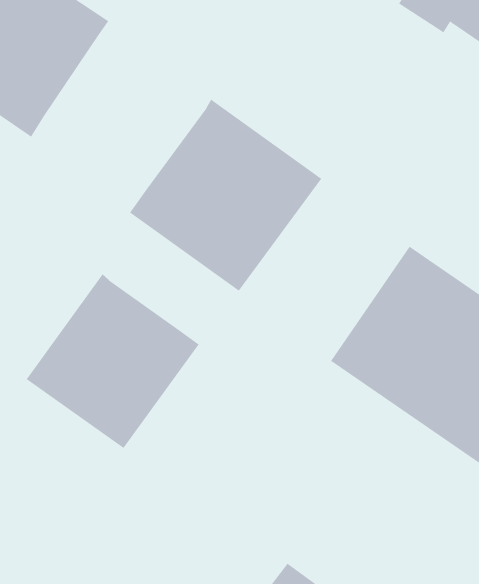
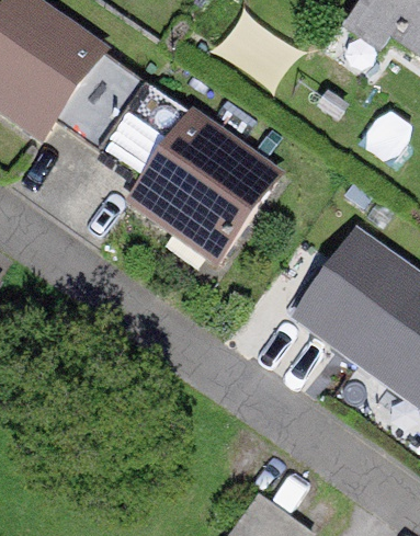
building: none -> [58,54,190,180]
building: [26,274,200,449] -> none

